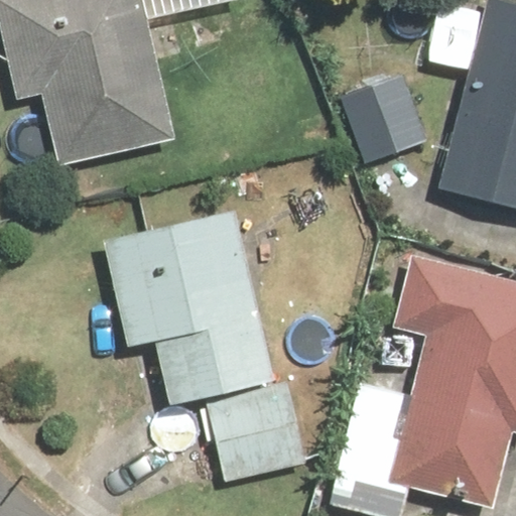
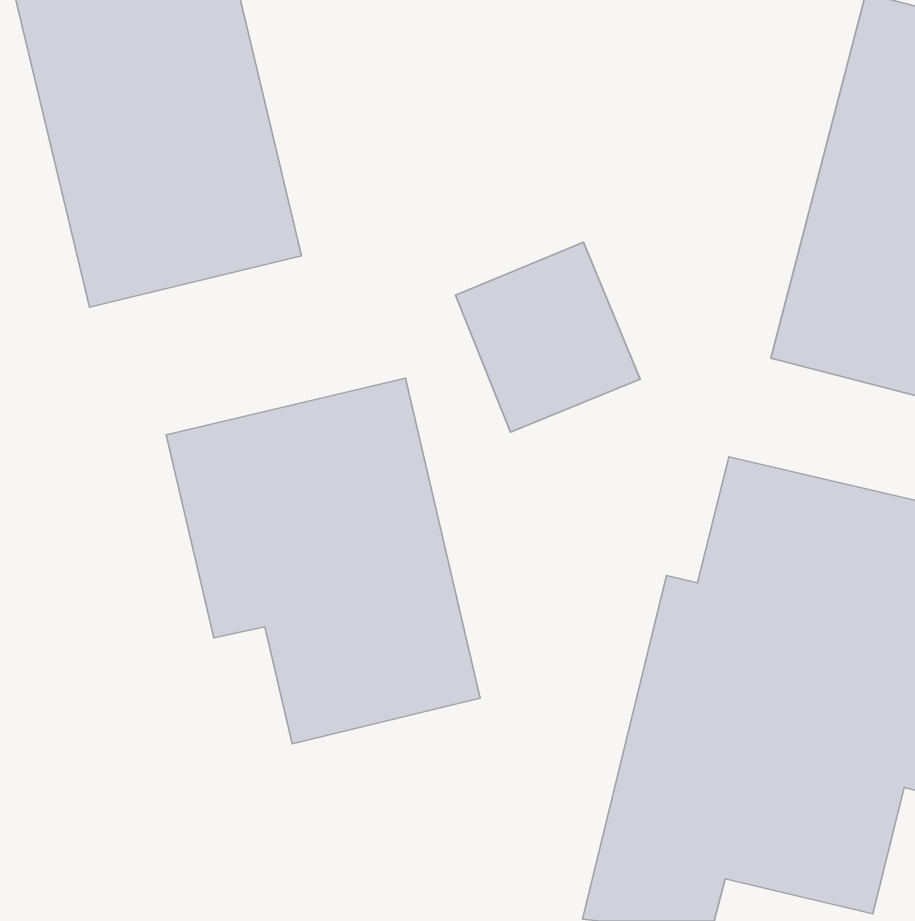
building: [338,63,439,168] -> [456,242,640,432]
building: [206,391,312,489] -> none

